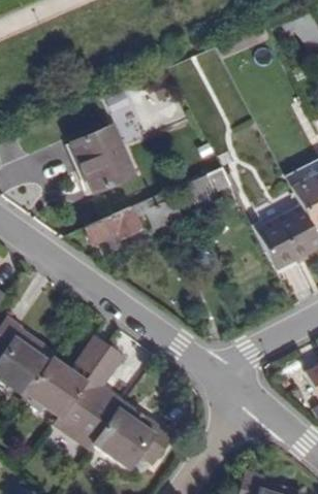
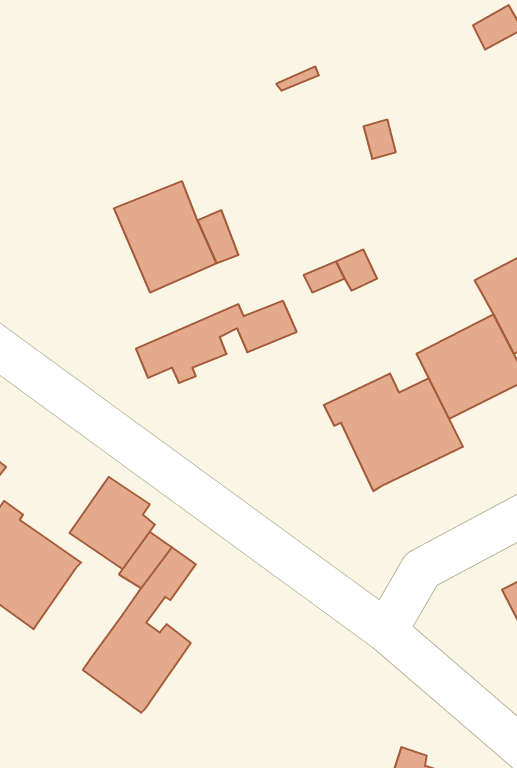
building: none -> [324,373,463,491]
building: [26,358,77,414] -> [69,477,155,569]
building: [91,403,169,469] -> none

